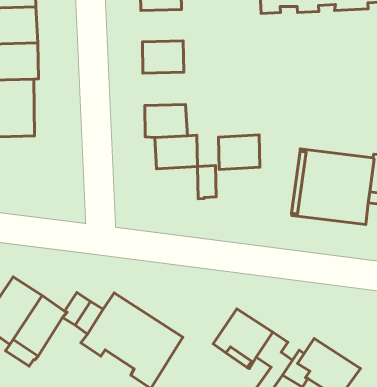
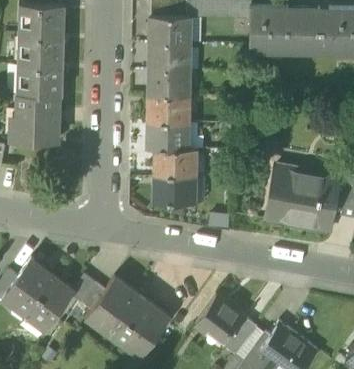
building: none -> [150,44,184,71]
building: none -> [149,96,183,124]
building: [218,135,260,170] -> [155,176,190,203]

